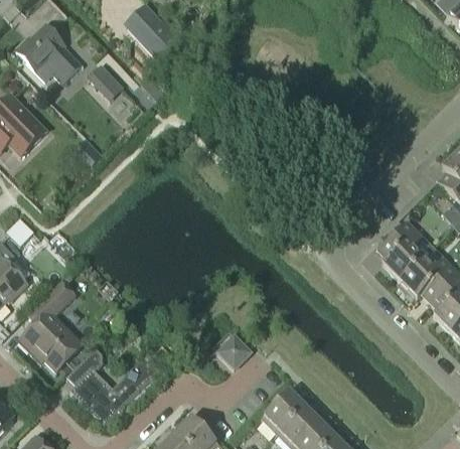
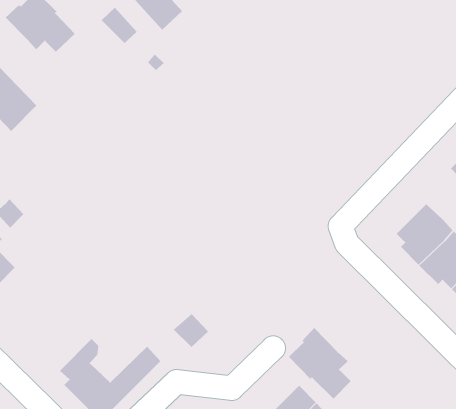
building: [88,64,122,99] -> [101,7,138,44]
building: [19,280,83,368] -> none
building: [218,335,252,367] -> [173,313,209,348]
building: none -> [288,327,351,399]

